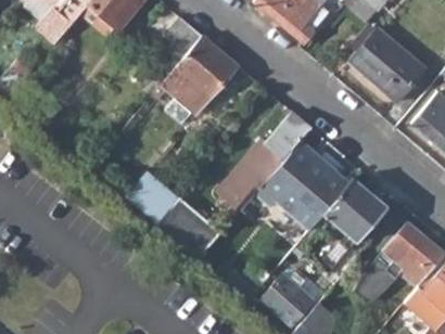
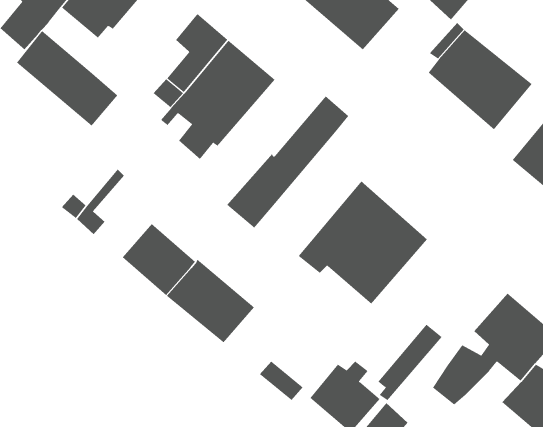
building: none -> [16,30,118,126]
building: [220,112,310,209] -> [226,95,349,229]
building: [279,177,391,267] -> none

